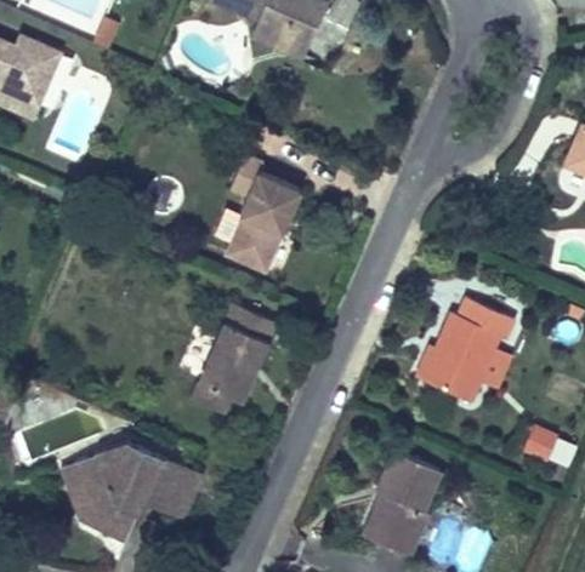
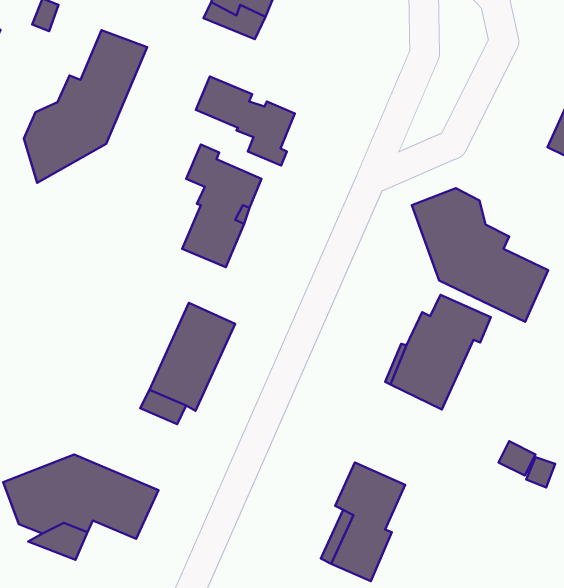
building: none -> [24,30,147,183]
building: none -> [196,76,295,166]
building: none -> [412,188,548,322]

